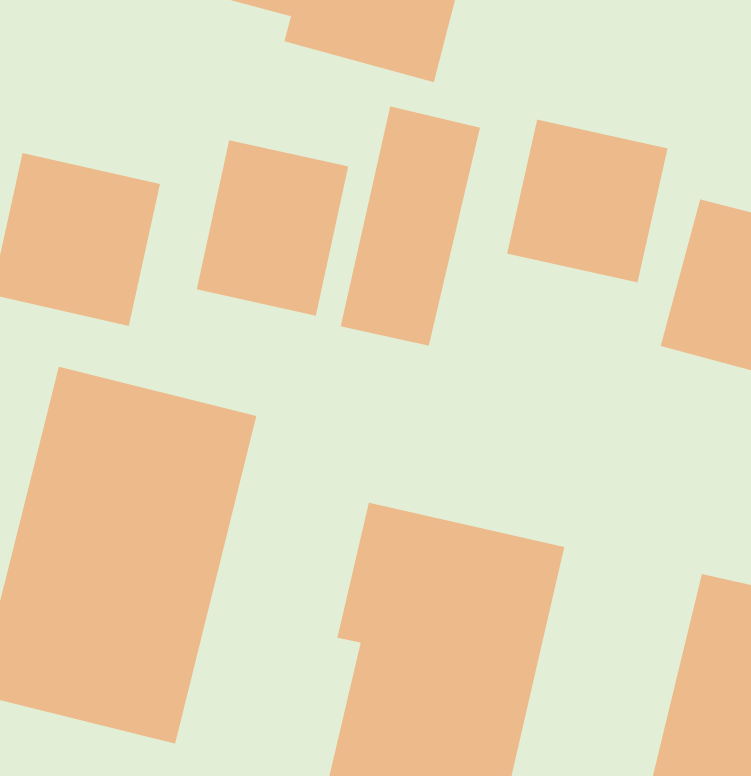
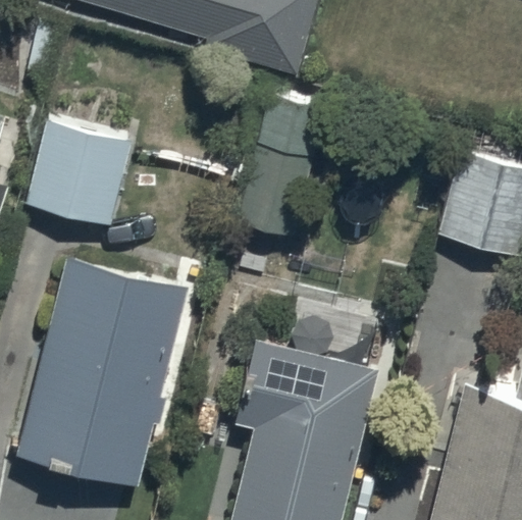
building: [506,119,668,283] -> none
building: [196,139,349,316] -> none

